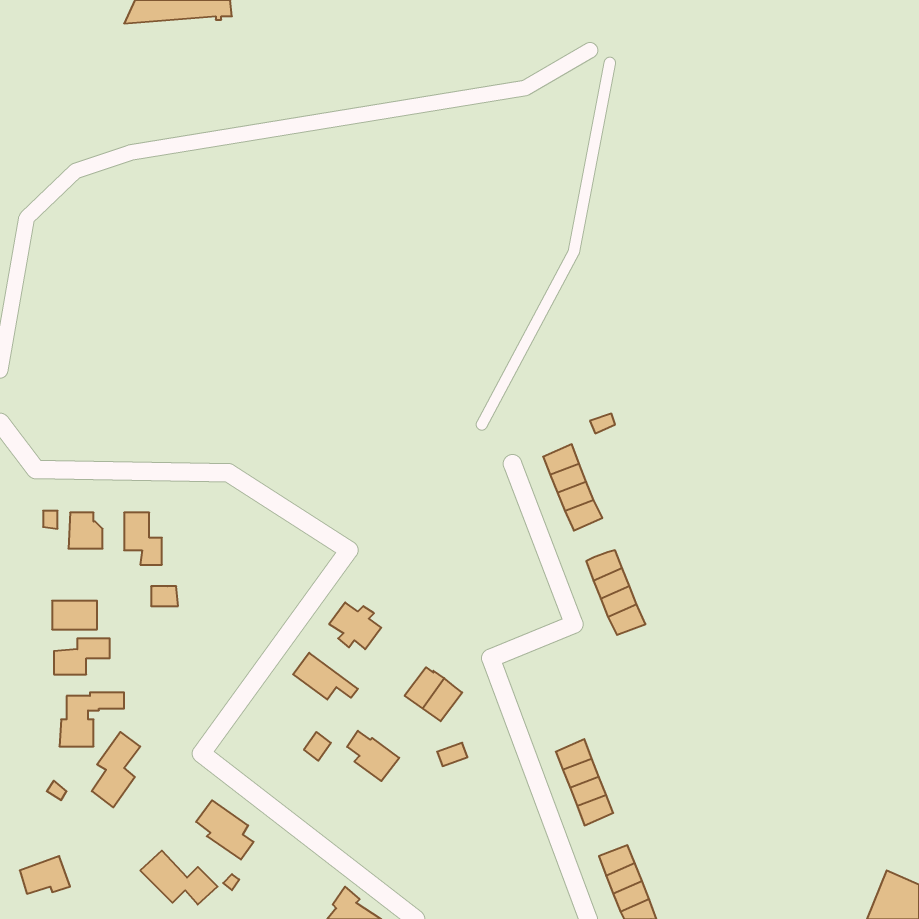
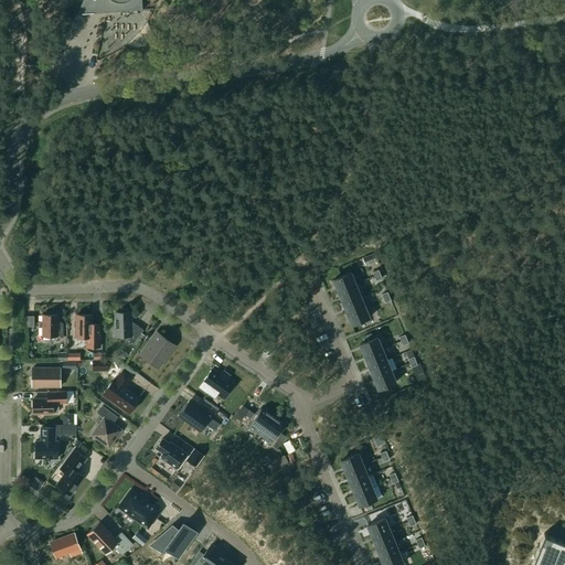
building: none -> [113,313,143,343]
building: none -> [142,332,172,367]
building: none -> [103,371,140,413]
building: none -> [90,406,121,448]
building: [347,731,399,781] -> [156,438,188,469]
building: none -> [156,523,195,552]
building: [20,856,70,894] -> [51,534,82,557]

